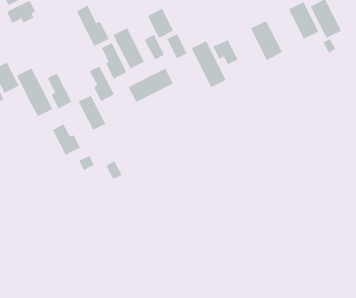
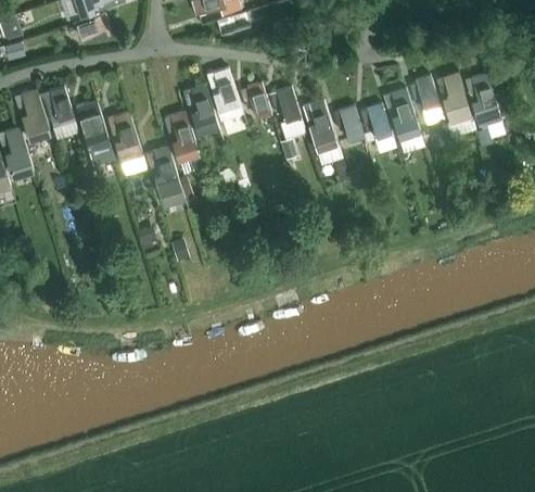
building: [76,5,110,47] -> none
building: none -> [411,77,441,112]
building: [147,8,174,39] -> none
building: none -> [362,104,391,139]
building: [128,68,174,103] -> none
building: [52,123,81,156] -> none

